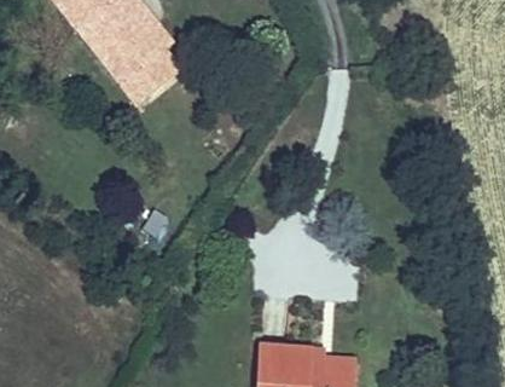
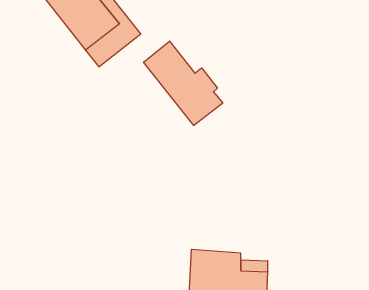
building: none -> [144,41,223,126]

